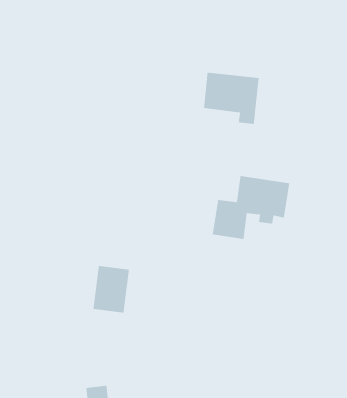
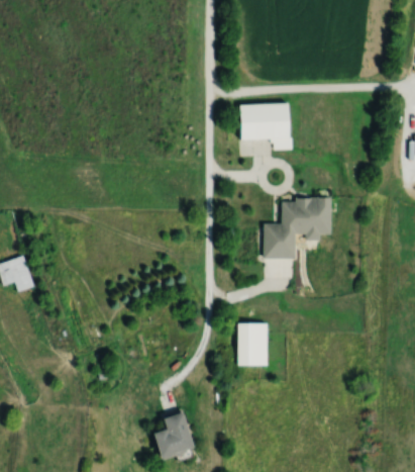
building: [93,265,130,313] -> [237,323,268,366]

